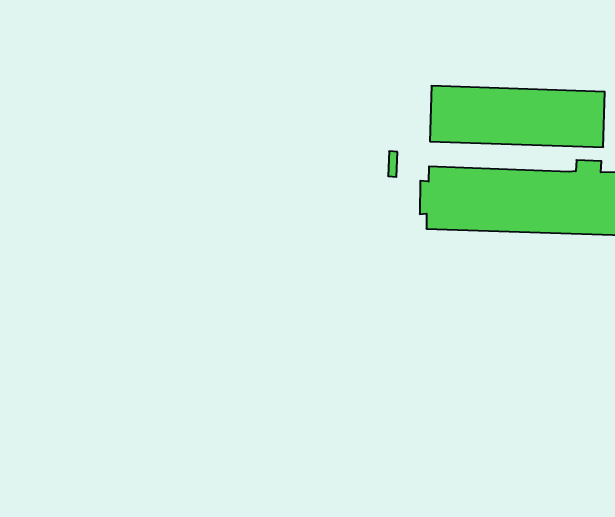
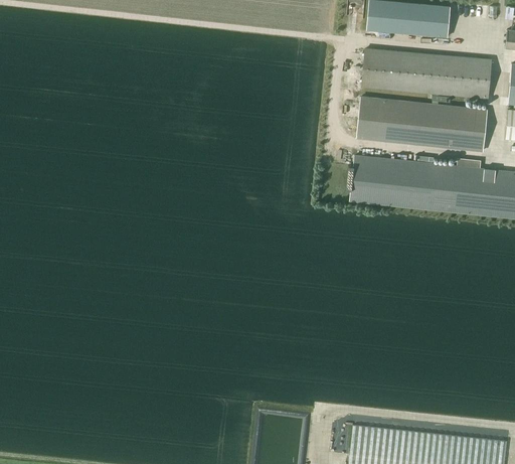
building: none -> [362,48,492,97]

